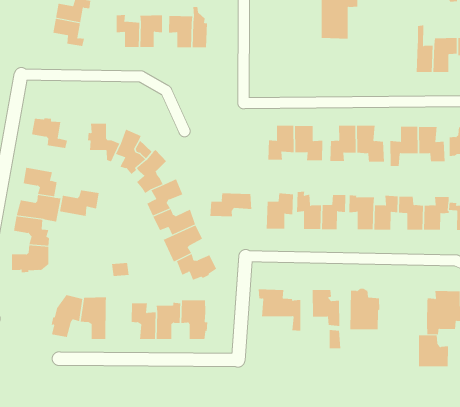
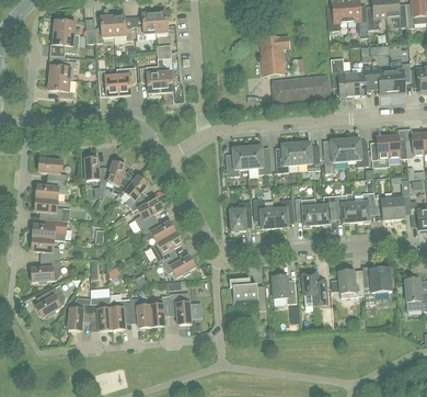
building: none -> [272,73,330,99]
building: [59,190,100,216] -> [36,179,67,200]
building: [210,192,252,217] -> none
building: none -> [35,284,66,317]
building: none -> [109,298,130,329]
building: [418,335,449,367] -> [338,270,365,296]

